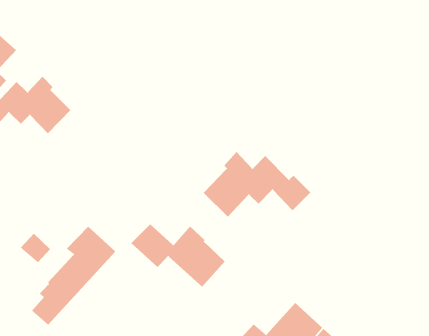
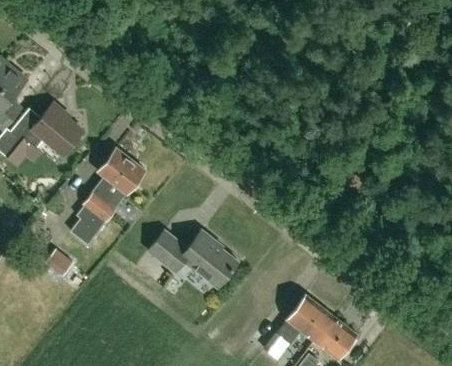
building: [203,151,311,218] -> none
building: [31,226,116,326] -> [70,148,145,244]

